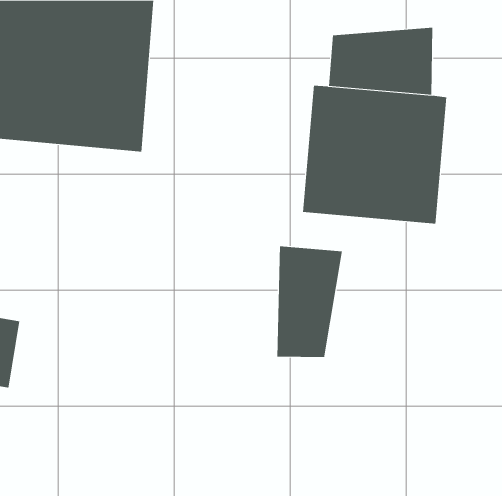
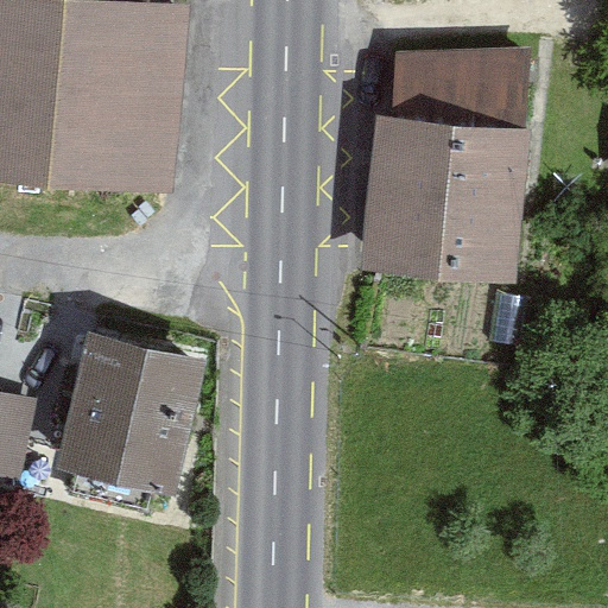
building: [277,245,343,358] -> none
building: none -> [56,331,202,490]

